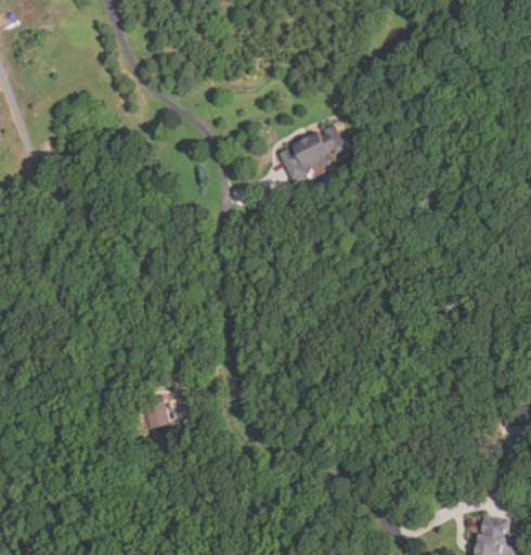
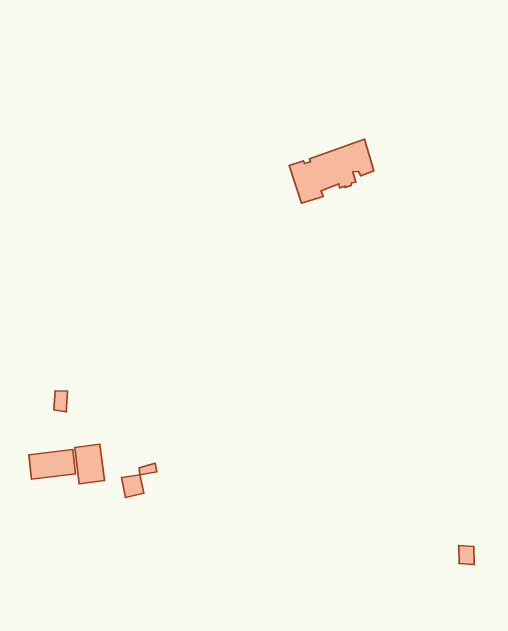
building: none -> [29,449,75,479]

